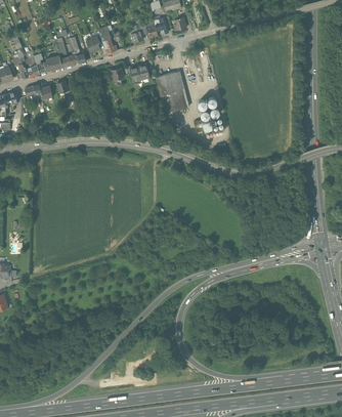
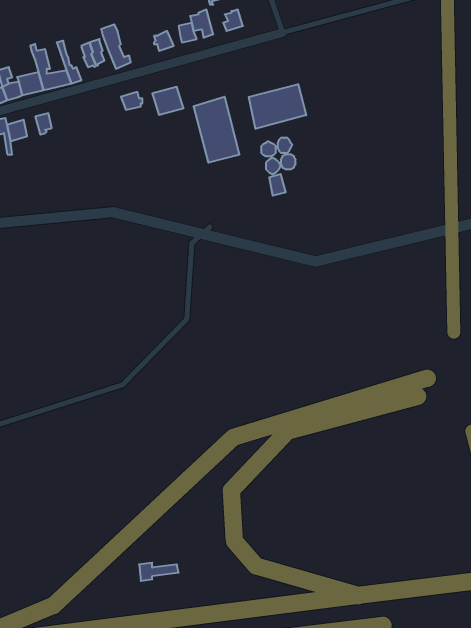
building: none -> [249,84,306,129]

